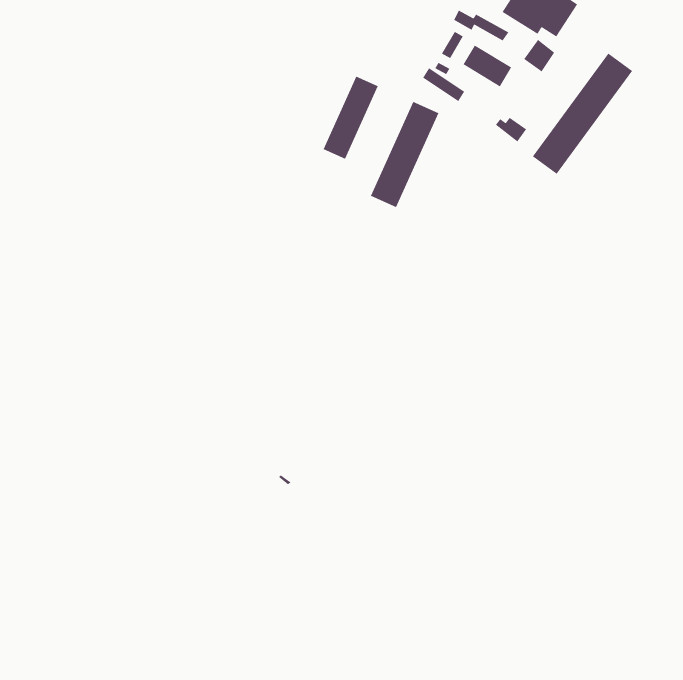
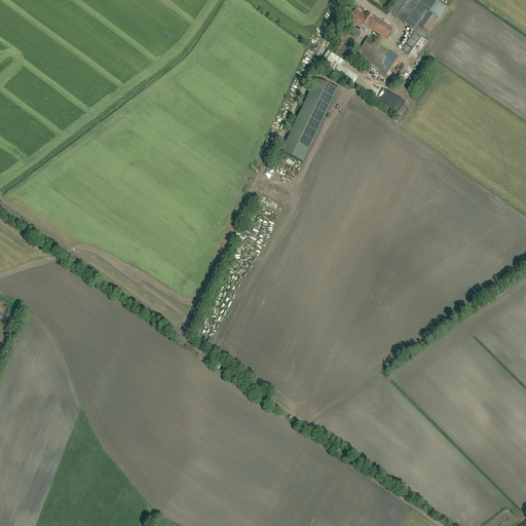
building: [532,52,633,175] -> none
building: [323,76,379,160] -> none

